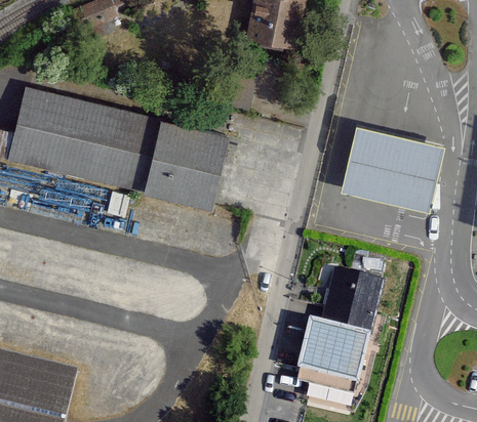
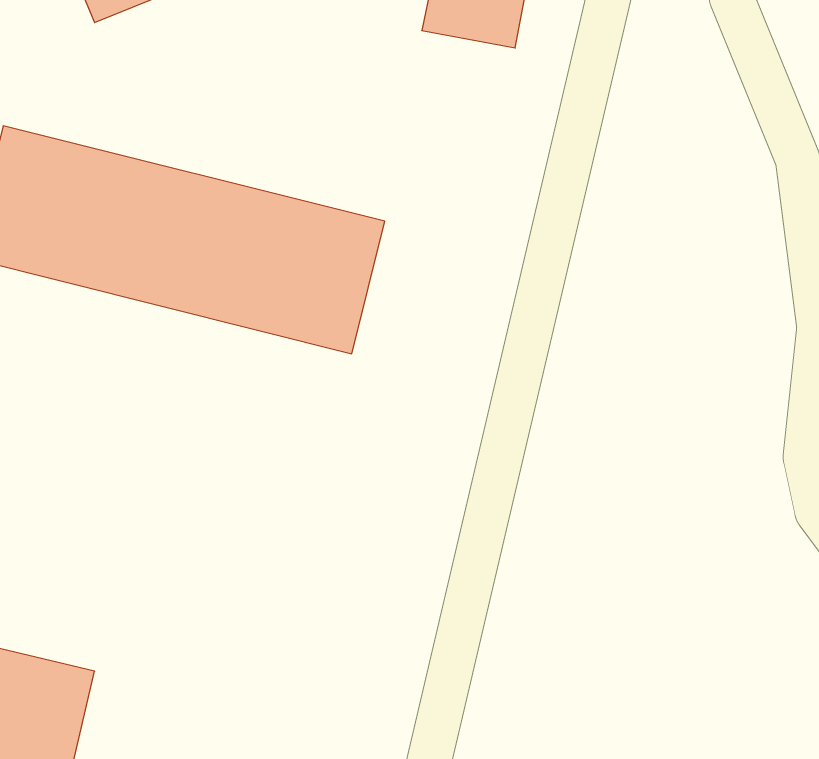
building: [344,129,439,208] -> none
building: [295,271,382,396] -> none

